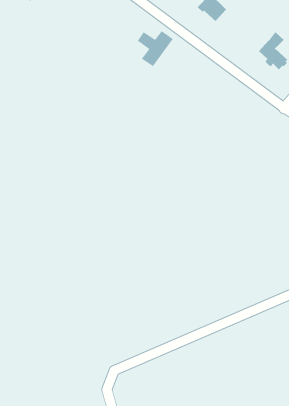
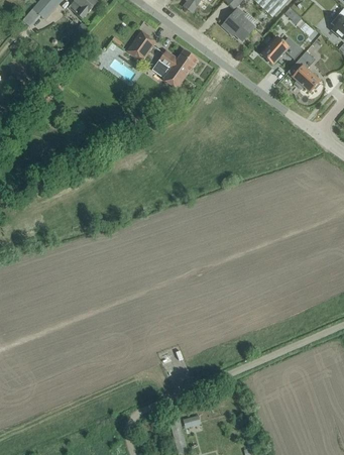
building: none -> [127,30,154,61]
building: none -> [261,38,303,65]

